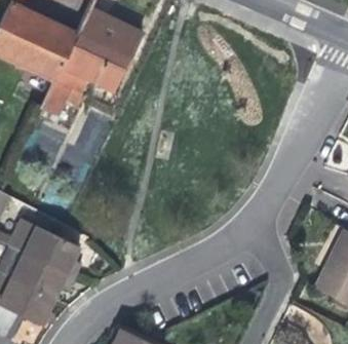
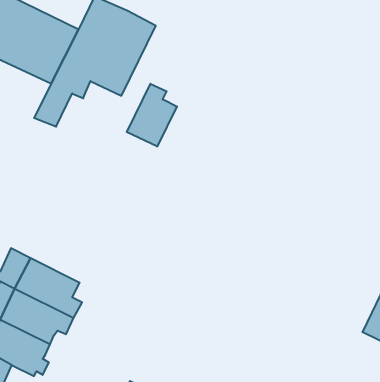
building: none -> [127,84,177,147]

